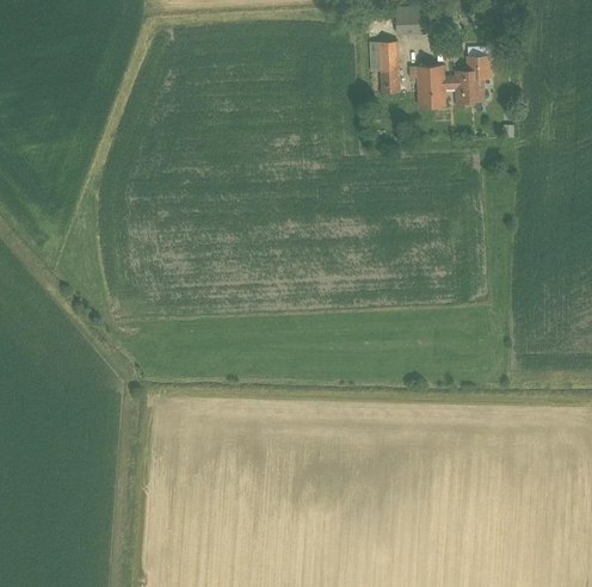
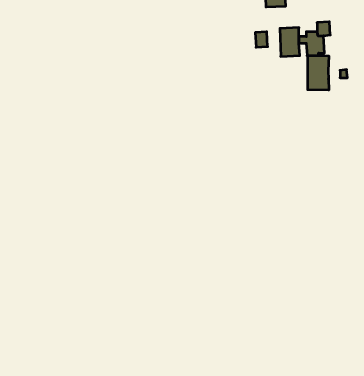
building: [370,42,397,73] -> none
building: none -> [308,56,329,90]

